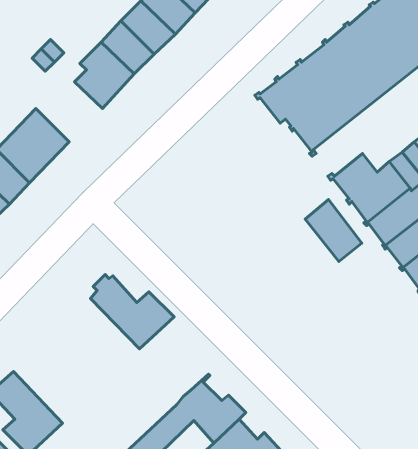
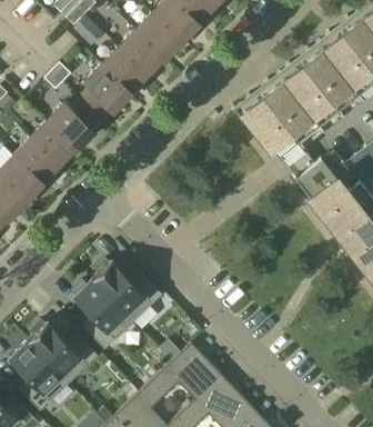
building: none -> [48,98,103,148]
building: [305,199,362,261] -> none
building: none -> [72,279,134,349]
building: none -> [29,320,99,384]

